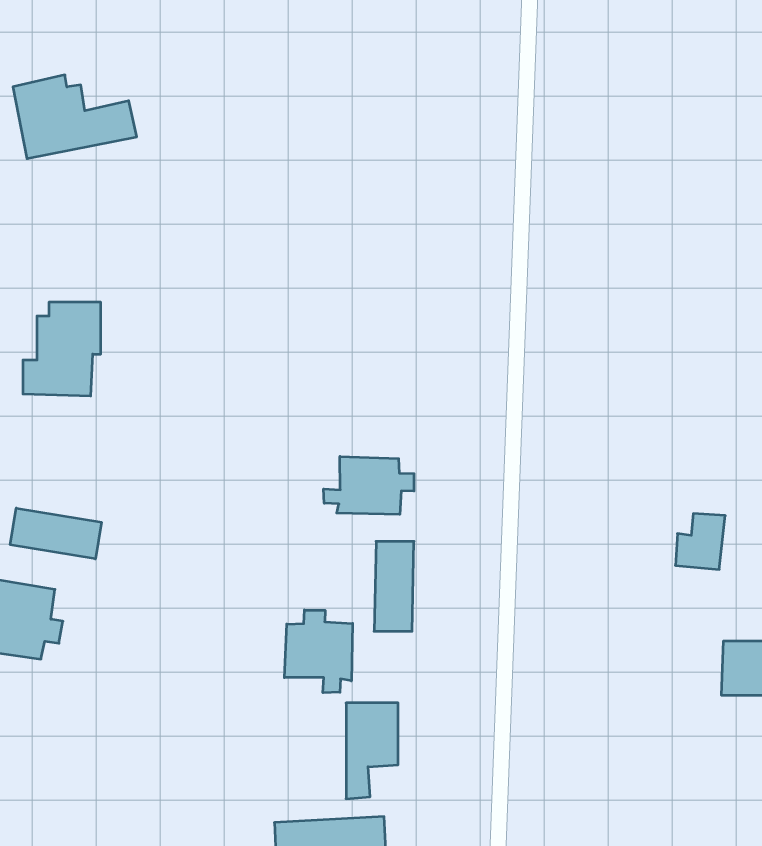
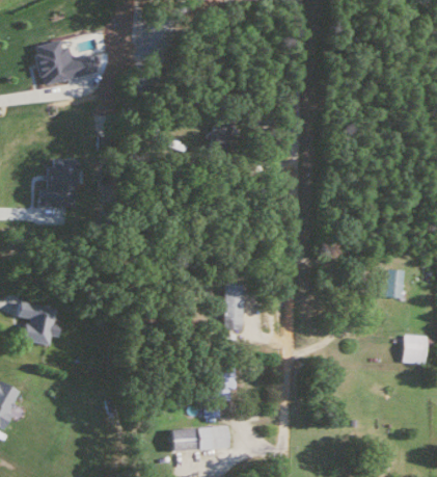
building: [324,456,414,514] -> none
building: [10,508,101,559] -> none
building: [284,610,353,693] -> none

